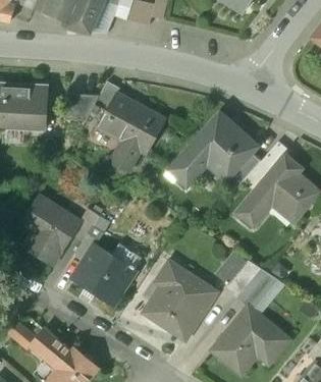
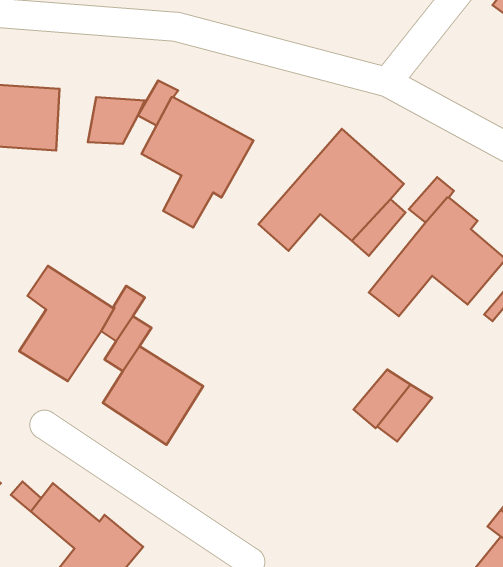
building: [144,261,218,339] -> none
building: [212,307,289,374] -> none

